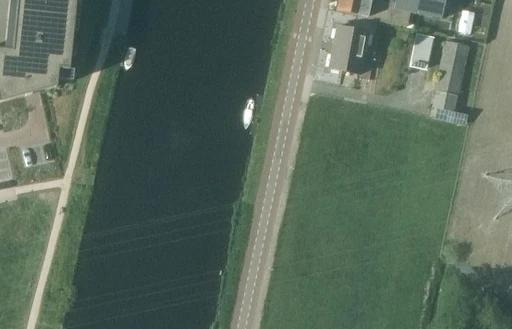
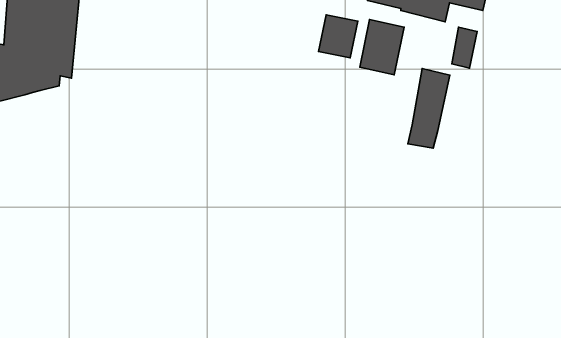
building: none -> [319,15,358,58]
building: [433,37,471,109] -> [408,68,450,148]

